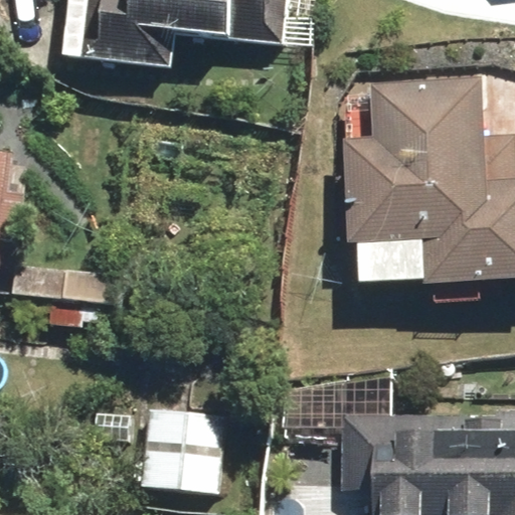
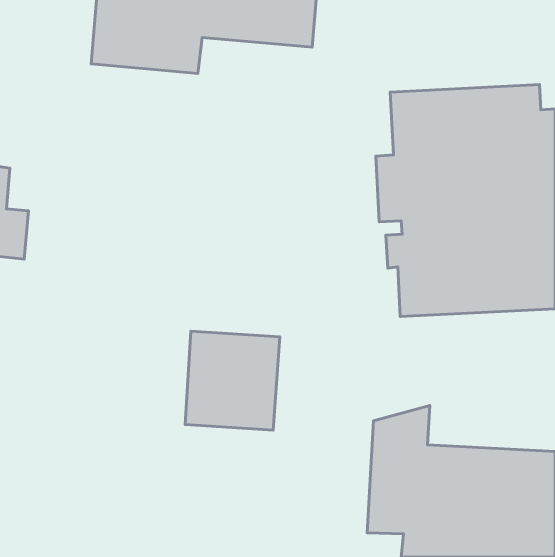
building: [141,405,227,496] -> [185,331,280,430]

